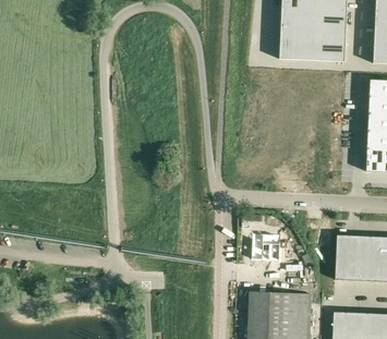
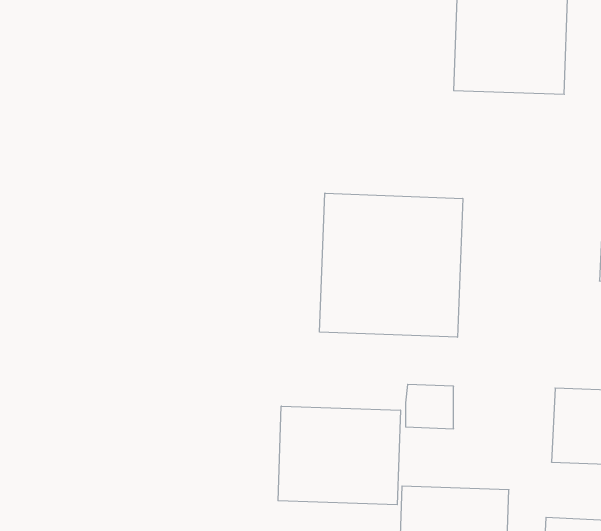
building: none -> [320,193,463,337]
building: none -> [278,406,400,505]

